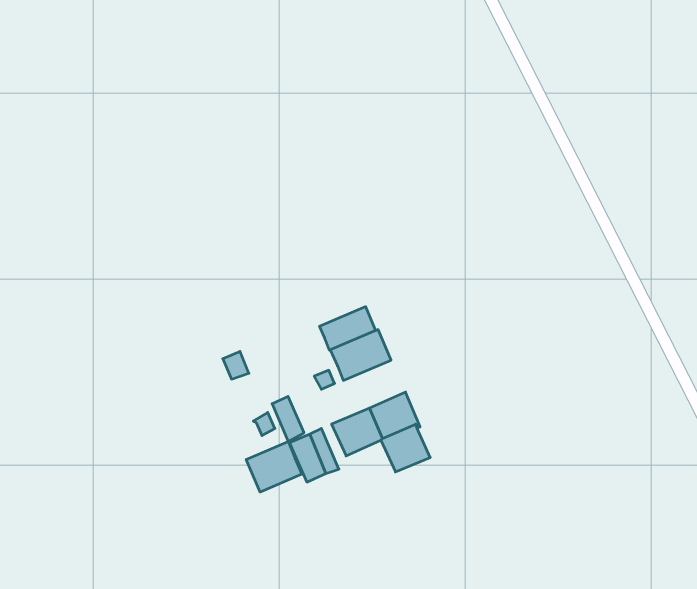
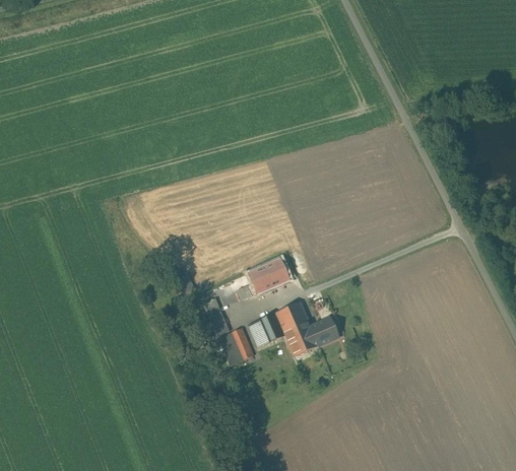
building: [320,307,376,350] -> none
building: none -> [309,317,339,347]
building: [246,441,302,492] -> none

